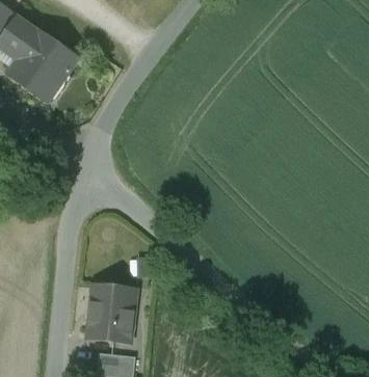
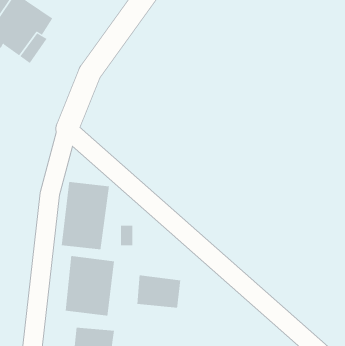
building: none -> [61,181,110,250]
building: none -> [137,274,181,308]

